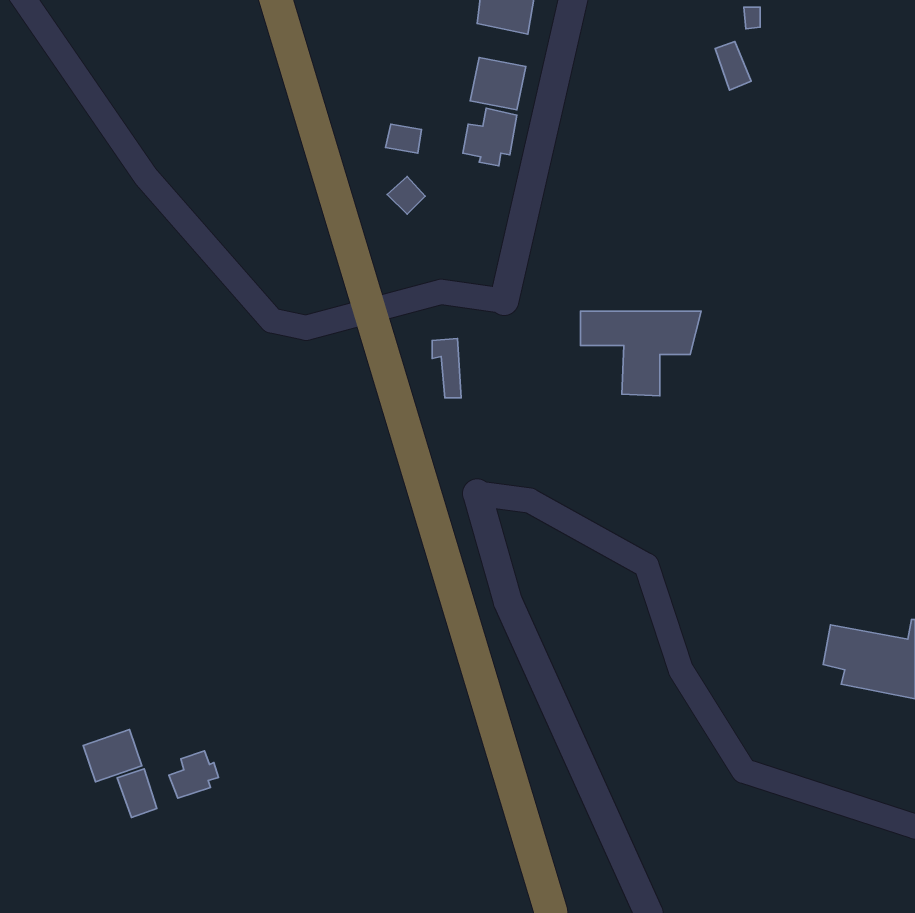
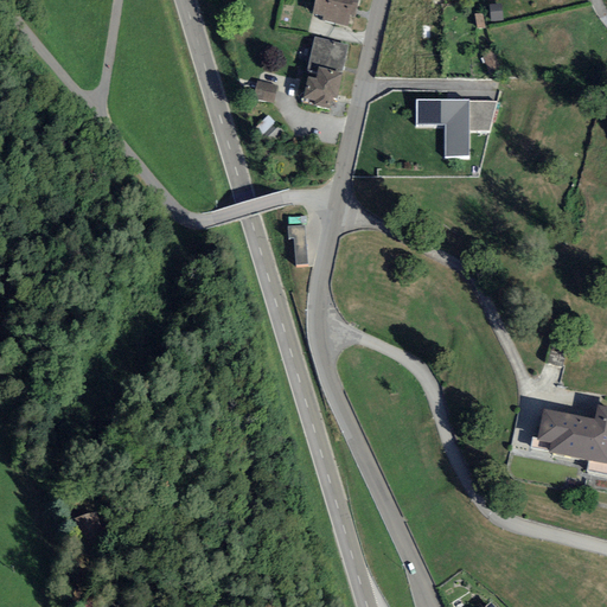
building: [580,311,701,396] -> [414,100,493,155]
building: [83,729,142,782] -> none
building: [169,751,219,798] -> none

